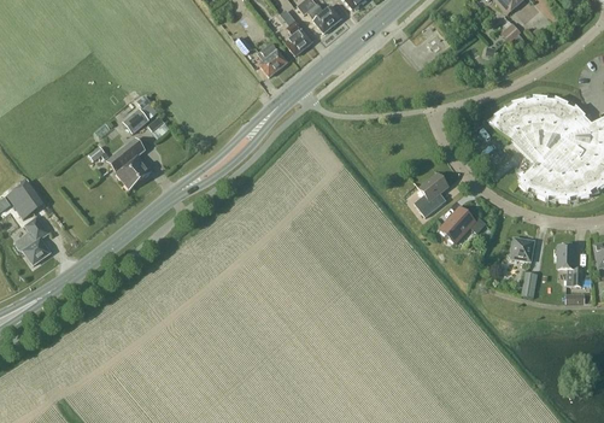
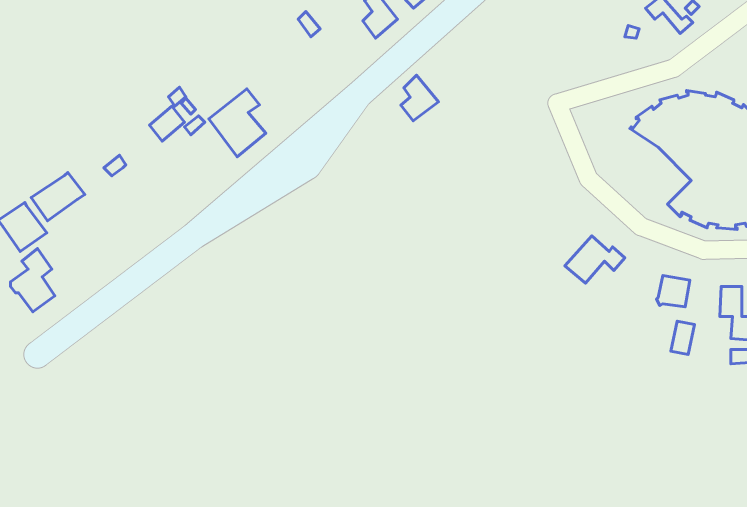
building: [259,41,288,76] -> [401,75,439,121]
building: [107,137,151,189] -> [209,89,266,157]
building: none -> [31,173,85,221]
building: [415,172,448,217] -> none

